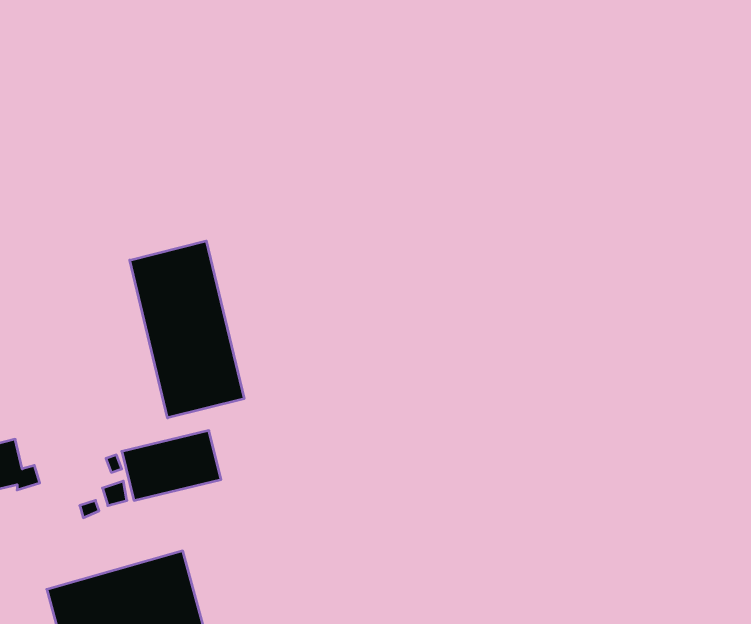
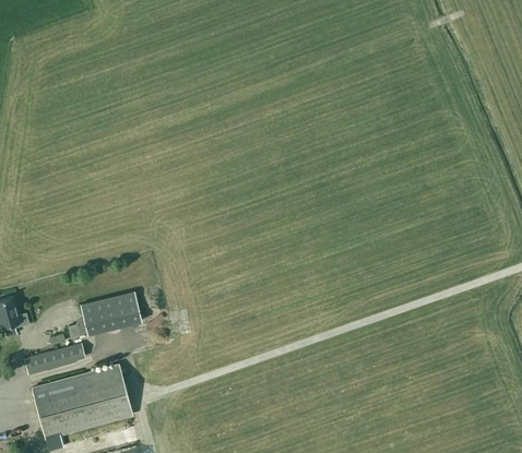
building: [130,241,244,418] -> none
building: none -> [24,342,92,374]

